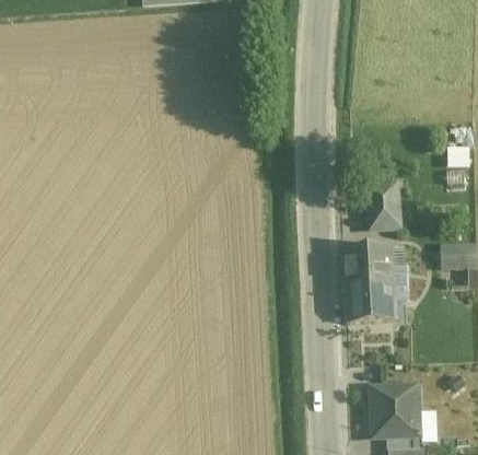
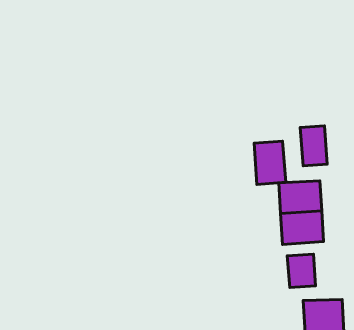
building: none -> [254,141,286,184]
building: none -> [287,254,316,288]

